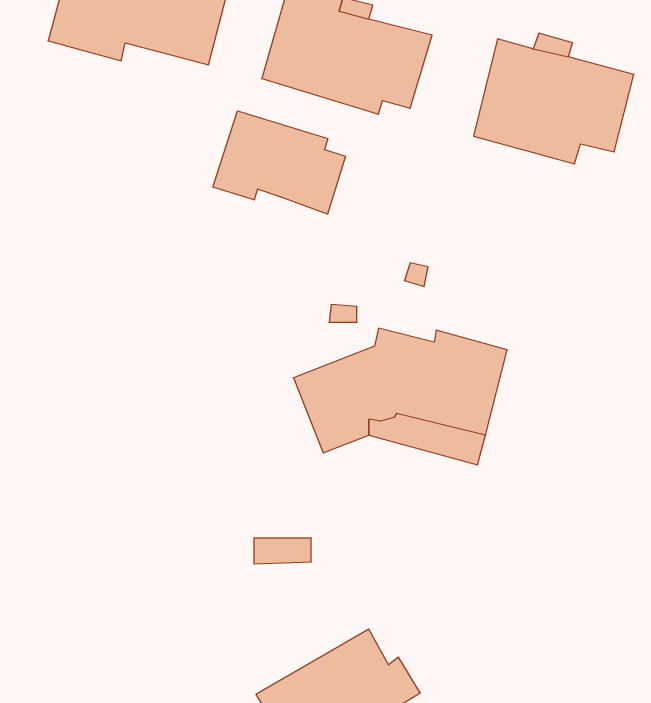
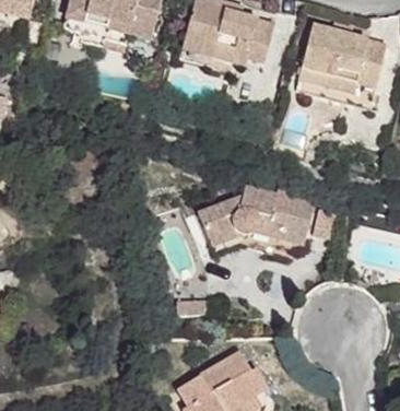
building: [213,111,346,214] -> none

